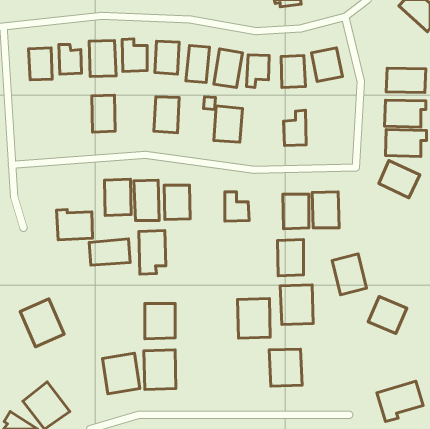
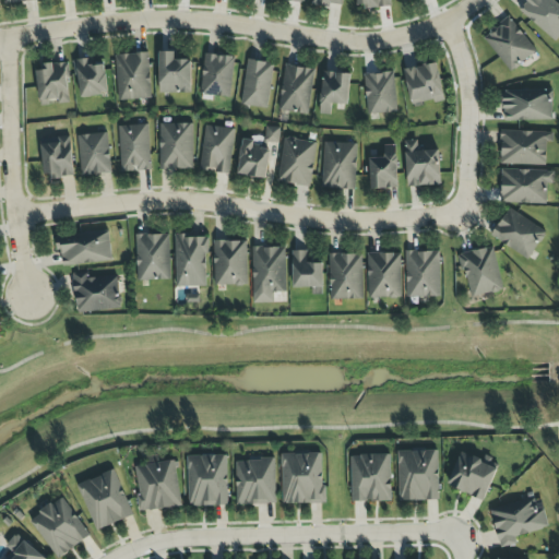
building: none -> [483,15,536,71]
building: none -> [158,122,193,169]
building: none -> [78,132,110,175]
building: none -> [41,139,73,177]
building: none -> [405,139,440,186]
building: none -> [236,141,270,178]
building: none -> [322,142,356,188]
building: [139,231,166,274] -> [251,246,286,302]
building: [89,239,130,265] -> [58,230,111,264]
building: [277,240,304,276] -> [329,252,362,299]
building: [332,254,367,295] -> [459,245,503,298]
building: [280,285,313,324] -> [396,449,439,500]
building: [368,297,407,334] -> [447,452,497,500]
building: [238,299,270,338] -> [281,452,323,503]
building: [20,299,64,347] -> [76,468,133,531]
building: [145,303,175,339] -> [236,459,275,504]

